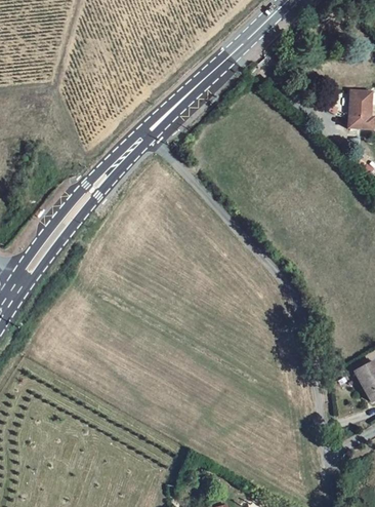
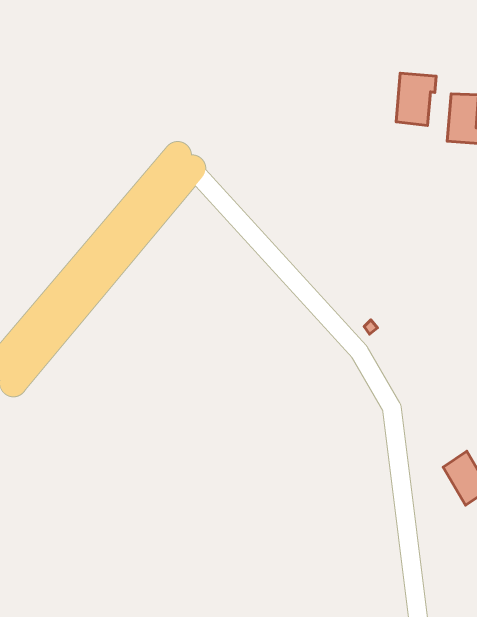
building: none -> [396,73,436,126]

